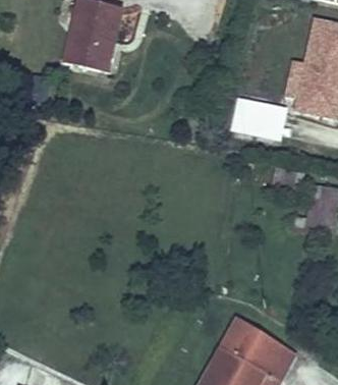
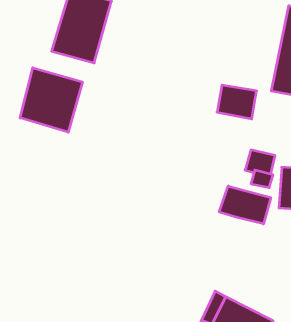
building: none -> [20,68,82,132]
building: none -> [219,186,271,224]

